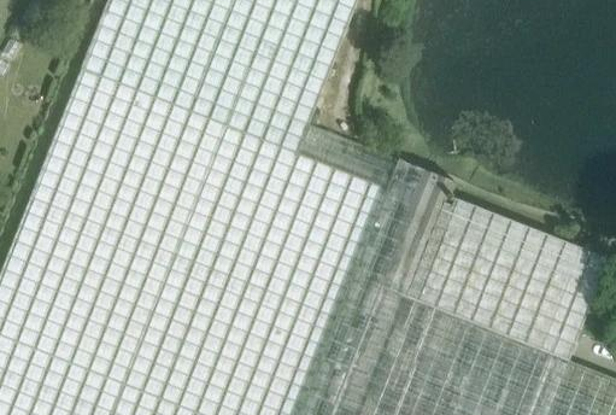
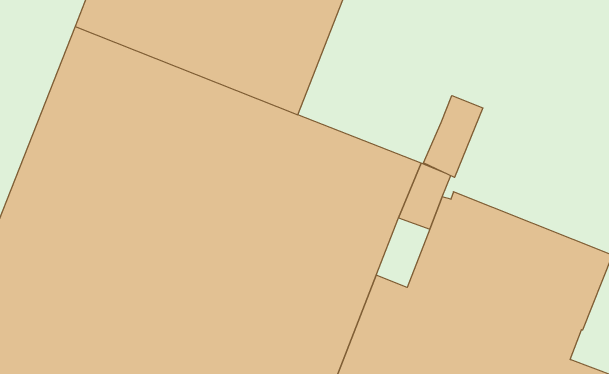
building: none -> [424,96,483,177]
building: [383,223,435,291] -> none

